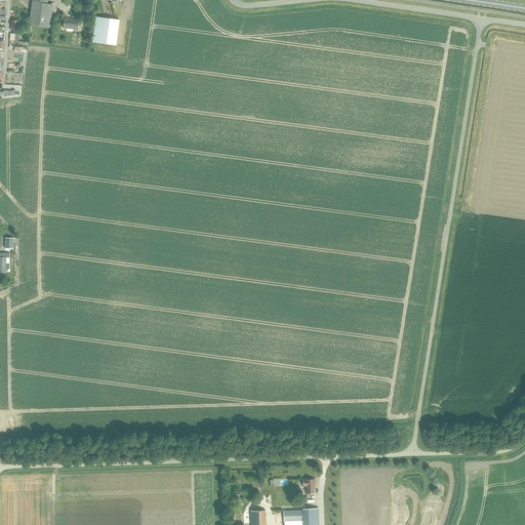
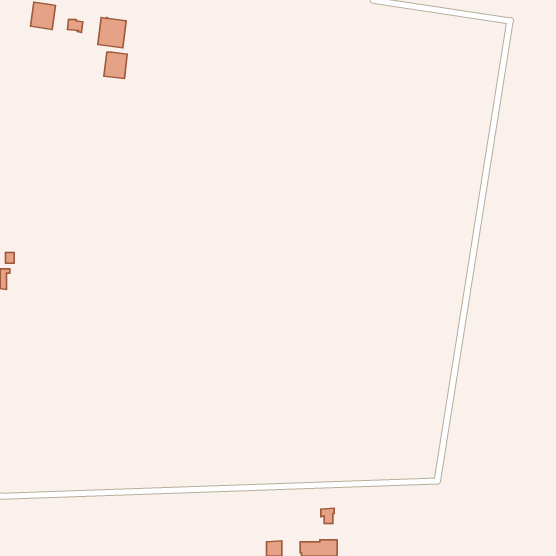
building: none -> [104,52,127,78]

